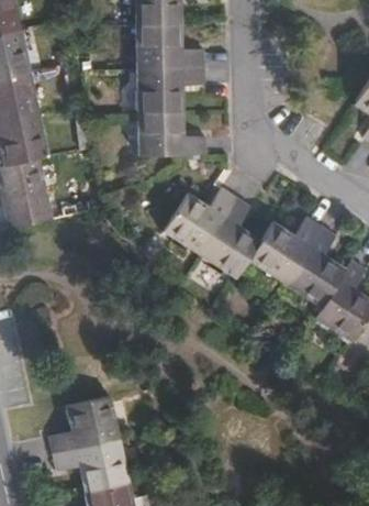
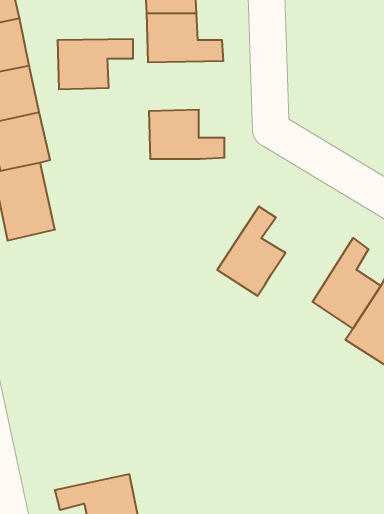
building: [136,67,204,112] -> [57,39,133,89]
building: [161,188,236,255] -> none
building: [247,217,321,284] -> none
building: [49,396,120,453] -> none

